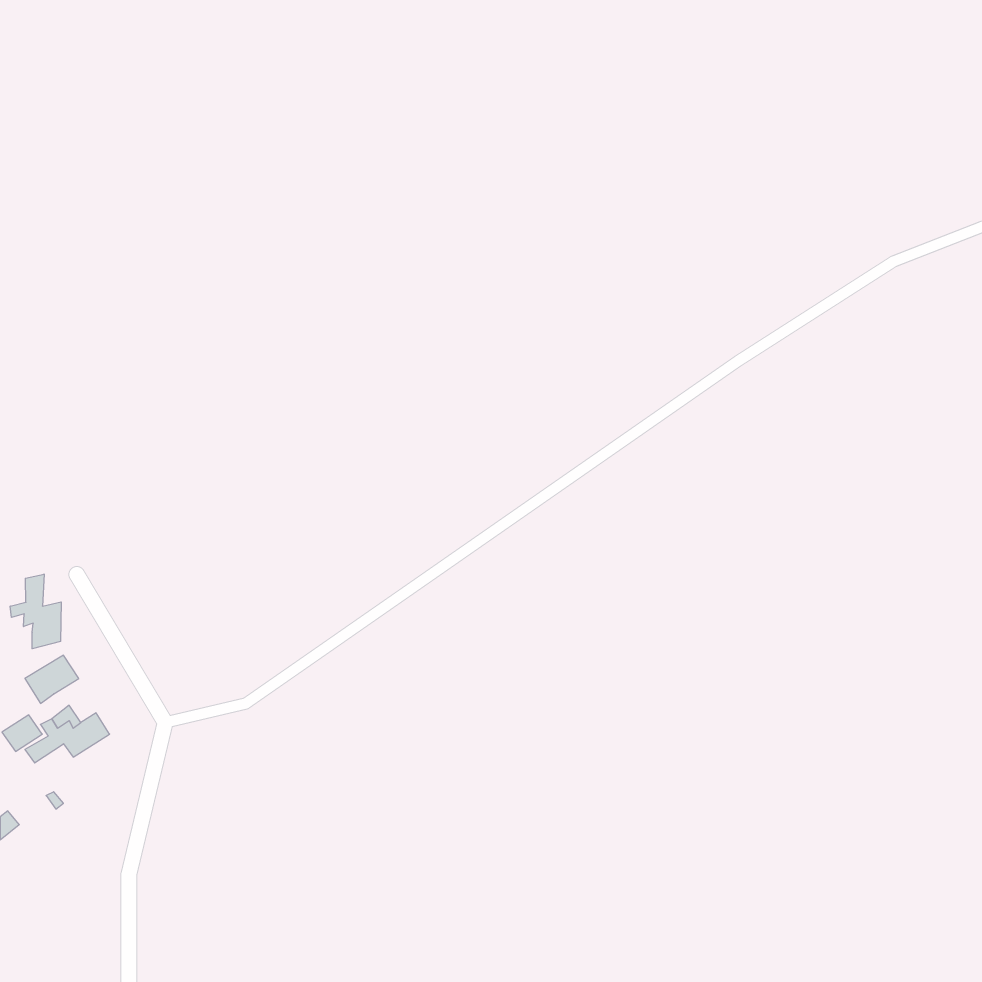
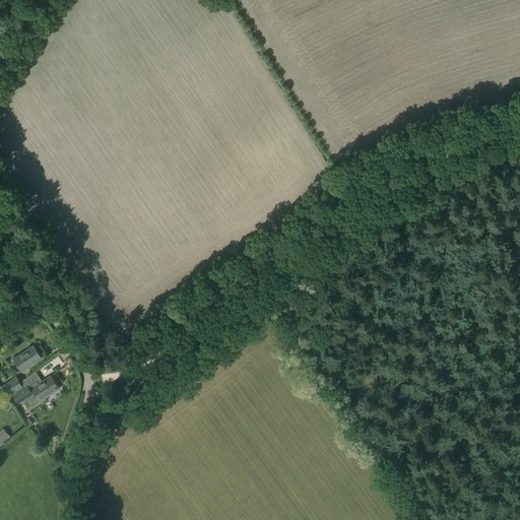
building: [10,574,61,649] -> none

